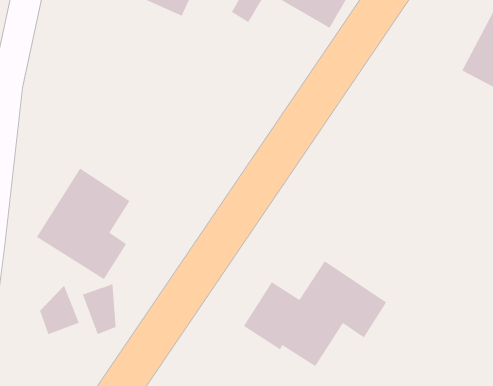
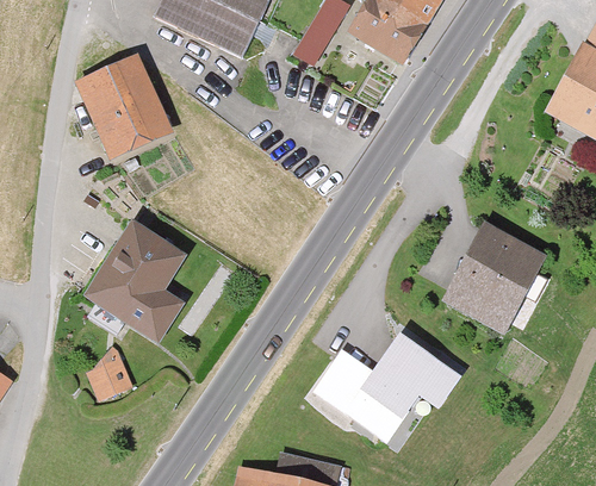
building: none -> [75,55,172,161]
building: none -> [441,223,547,335]
building: [82,283,117,335] -> none

